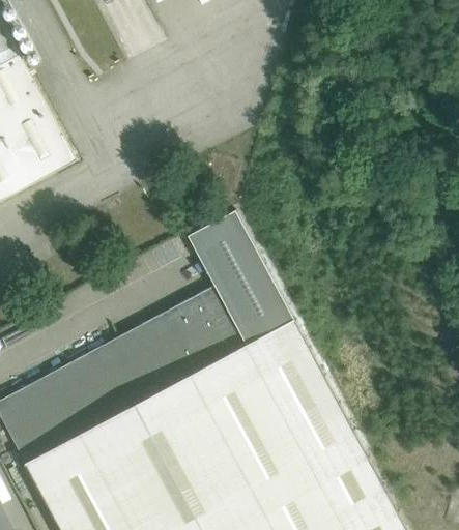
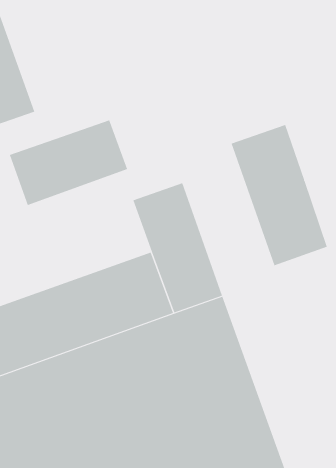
building: none -> [231,124,327,266]
building: none -> [9,120,128,206]

